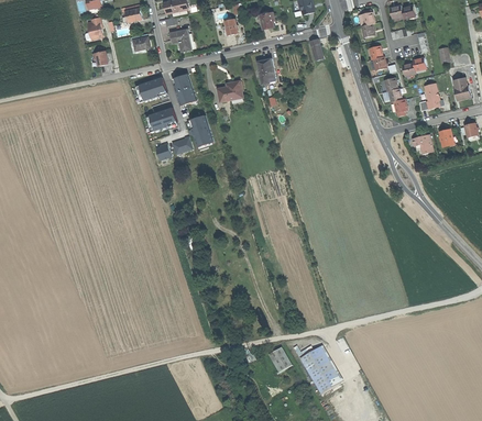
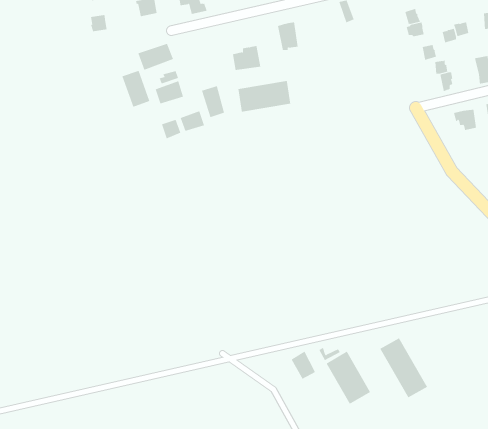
building: [169,70,195,103] -> [122,70,150,107]
building: none -> [238,80,291,112]
building: none -> [379,337,428,398]

